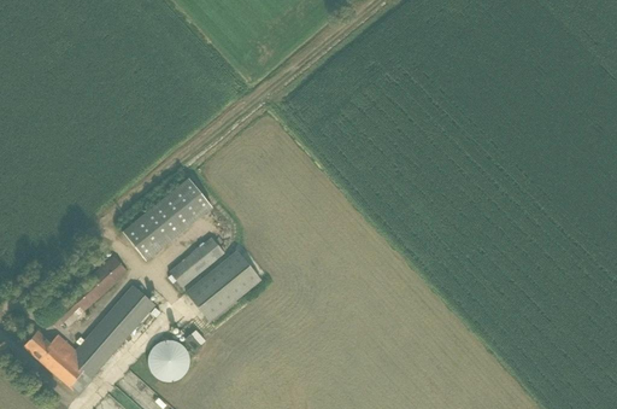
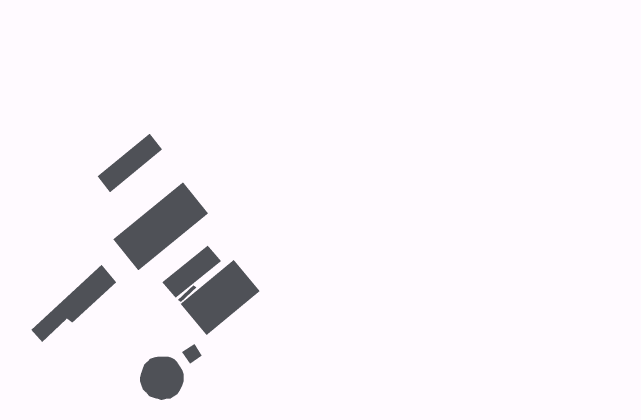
building: none -> [96,132,163,193]
building: [23,285,154,395] -> none

